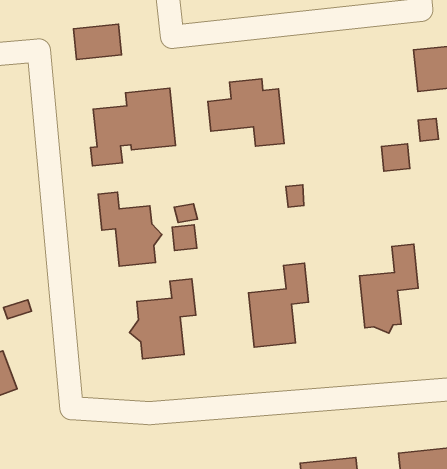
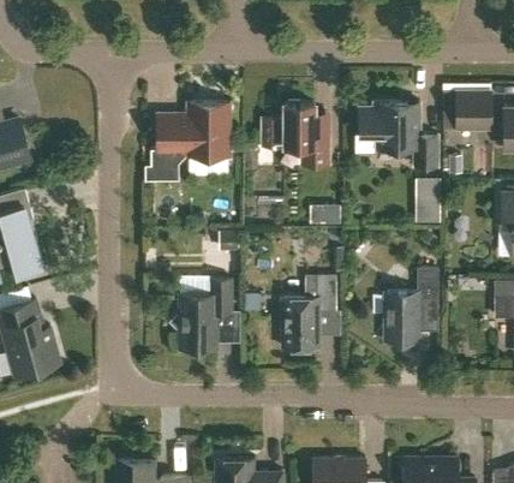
building: [73,24,122,59] -> none
building: none -> [359,103,438,167]
building: [98,192,162,266] -> none

